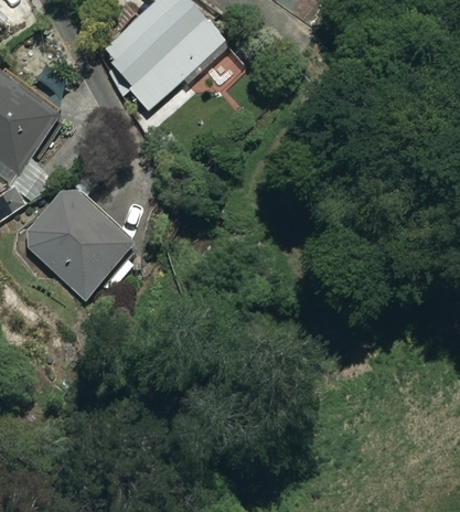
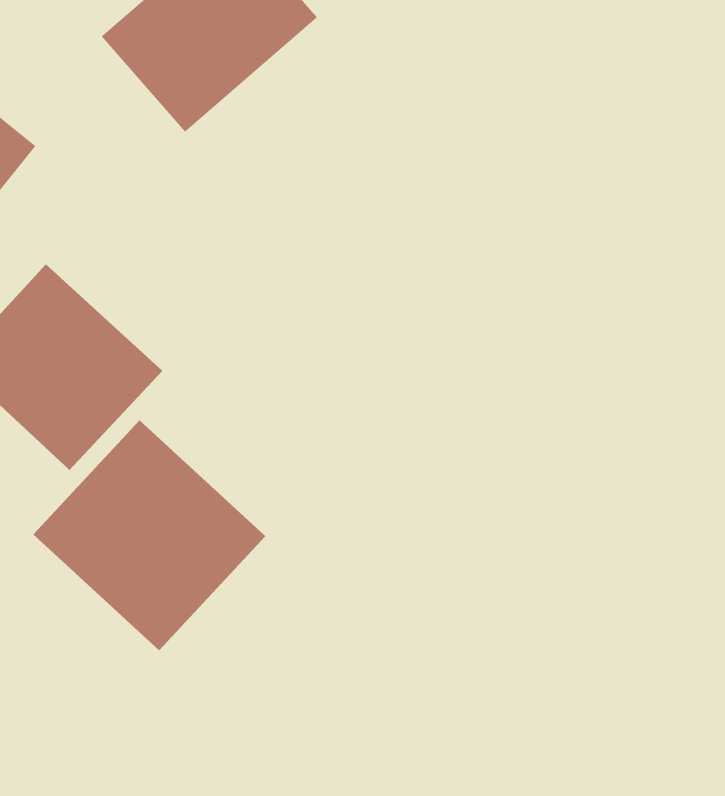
building: none -> [32,420,266,651]

